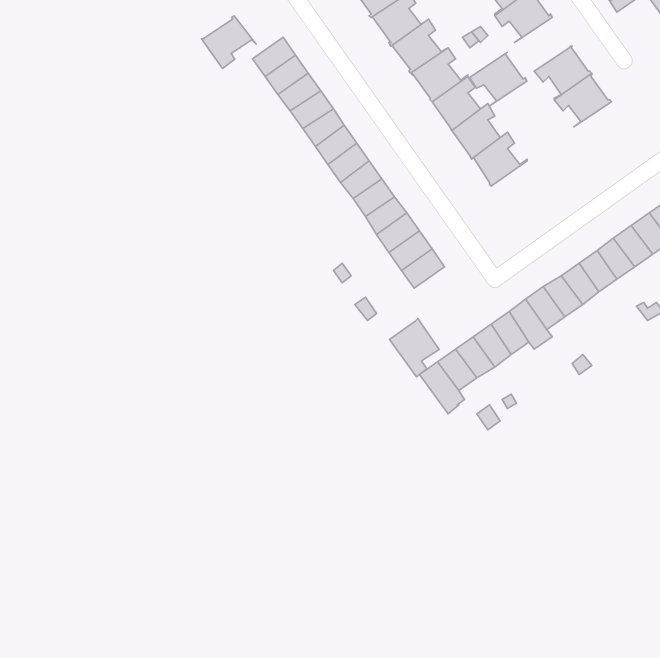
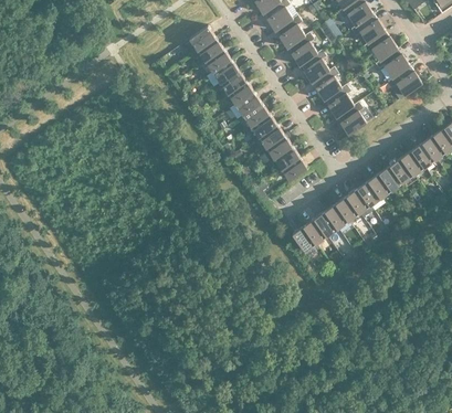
building: [202,16,256,68] -> none
building: [469,52,527,106] -> [349,14,385,47]
building: none -> [386,66,421,97]
building: none -> [335,103,365,136]
building: [389,318,439,377] -> none

